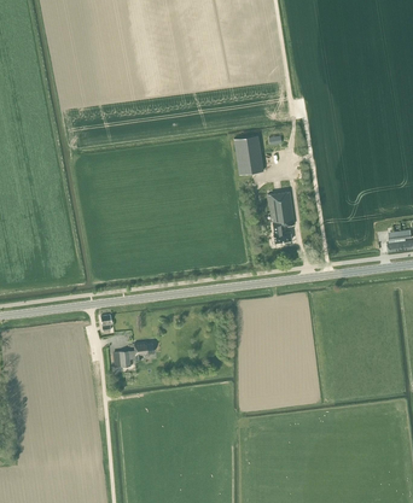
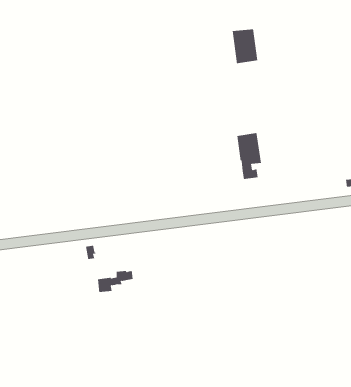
building: [234,134,263,172] -> [232,29,258,64]

